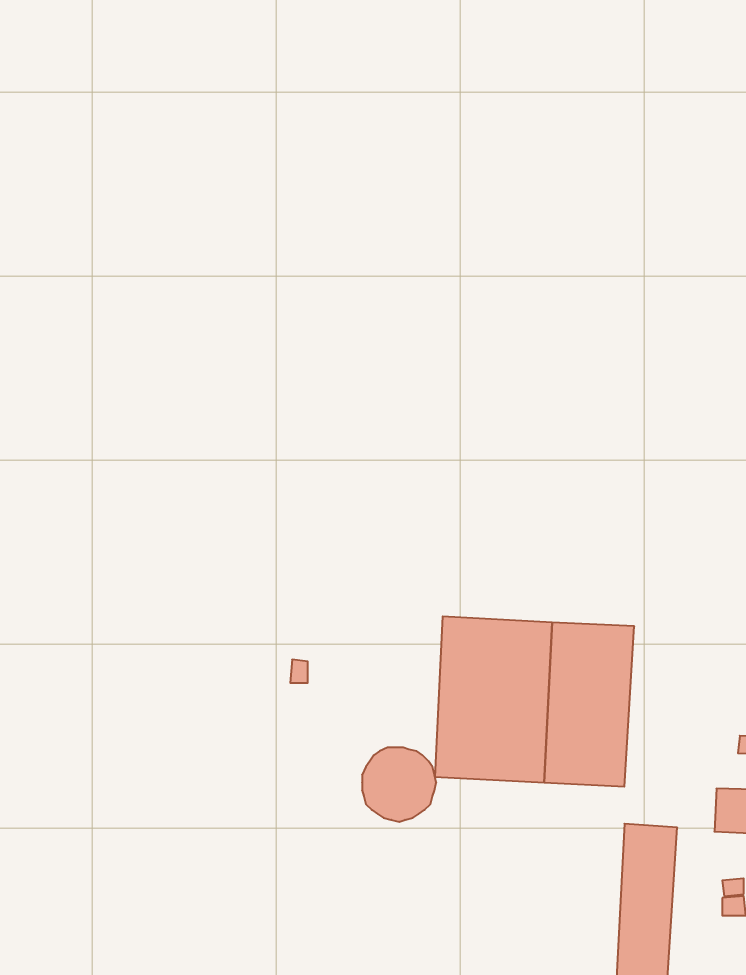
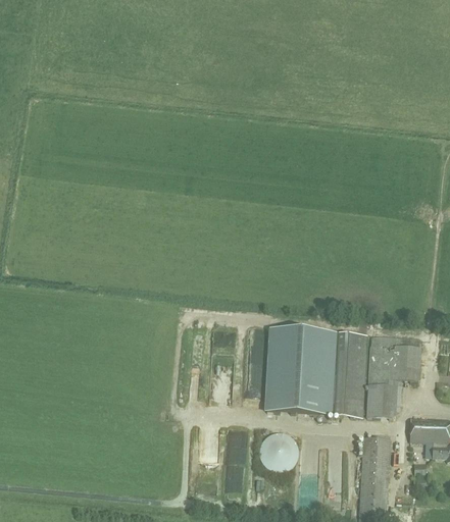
building: none -> [366,335,420,418]
building: [362,747,436,822] -> [260,432,299,471]

